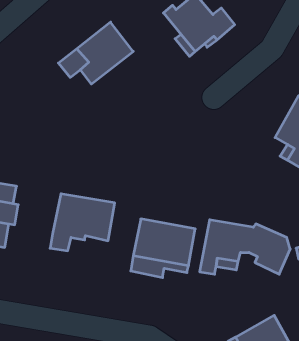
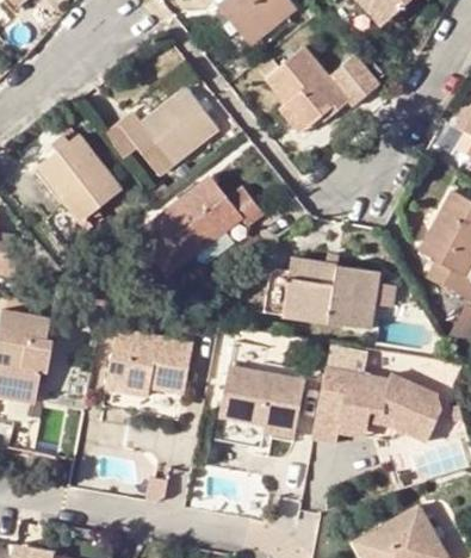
building: none -> [38,134,119,246]
building: none -> [135,178,264,273]
building: none -> [264,258,395,327]

